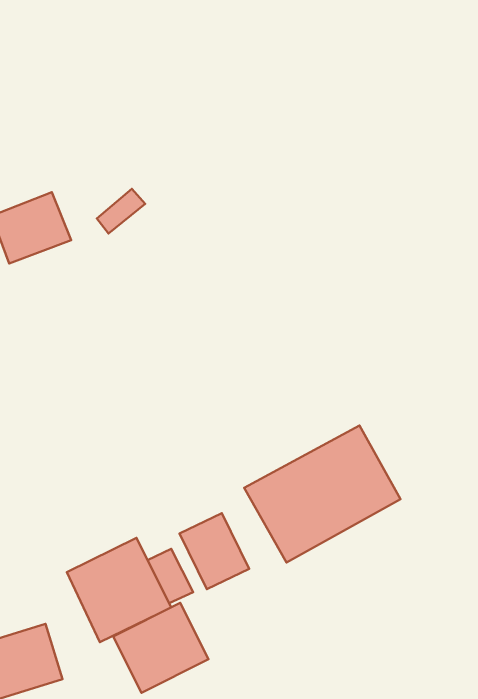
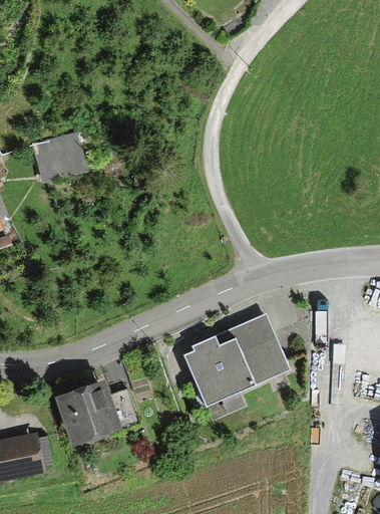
building: [180,513,249,589] -> none
building: [113,603,209,693] -> none

